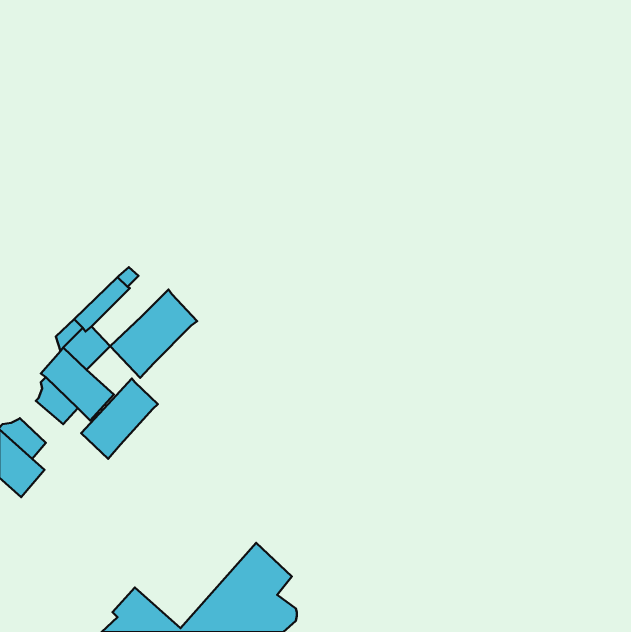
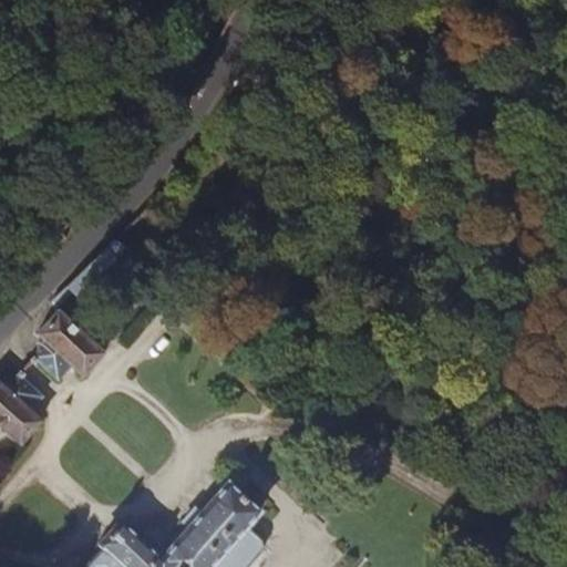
building: [110,290,197,378] -> none
building: [81,378,158,459] -> none

